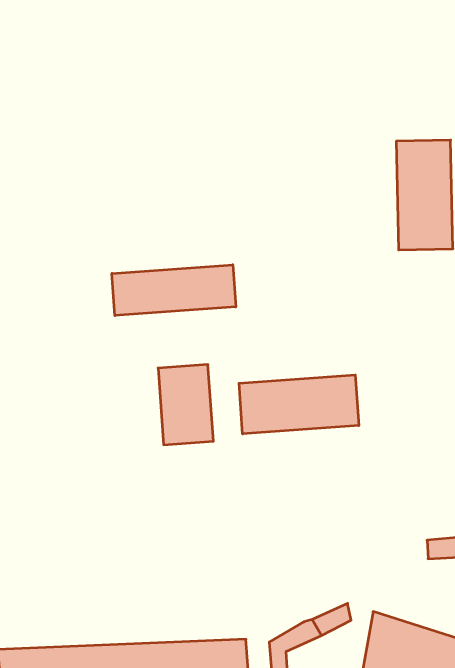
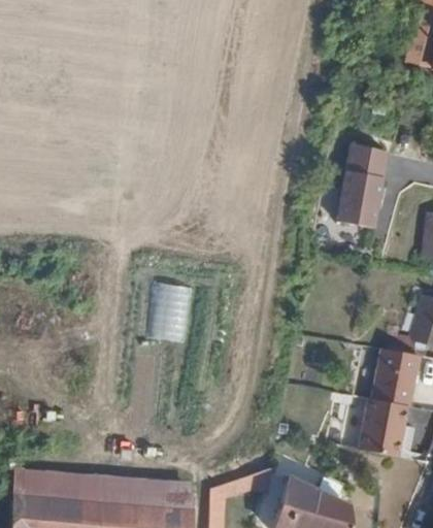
building: [112,265,236,316] -> none
building: [239,375,359,434] -> none

